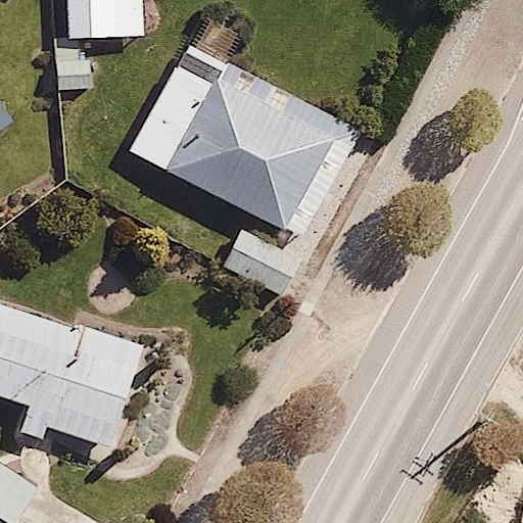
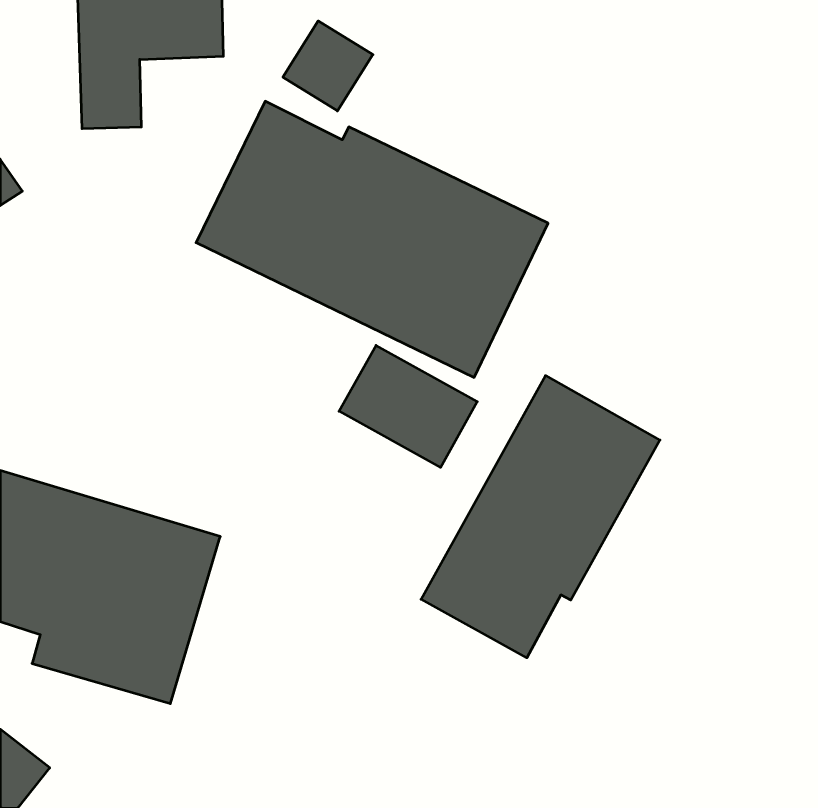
building: none -> [421,376,660,658]

